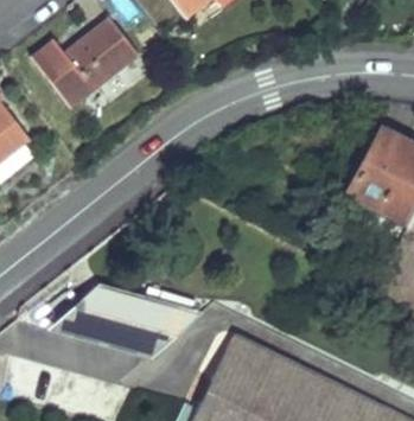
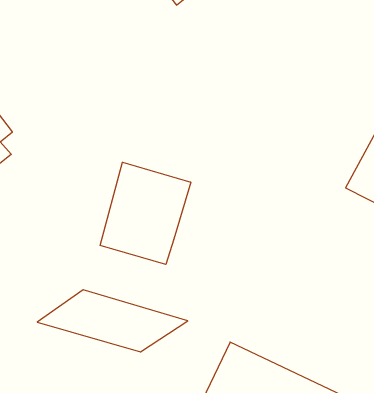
building: [31,18,139,103] -> none
building: none -> [100,162,191,264]

